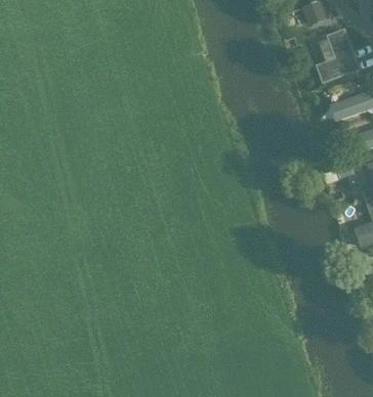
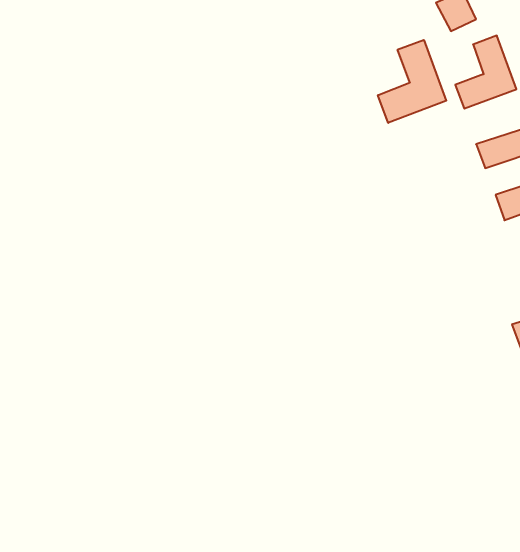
building: none -> [378,40,446,123]

